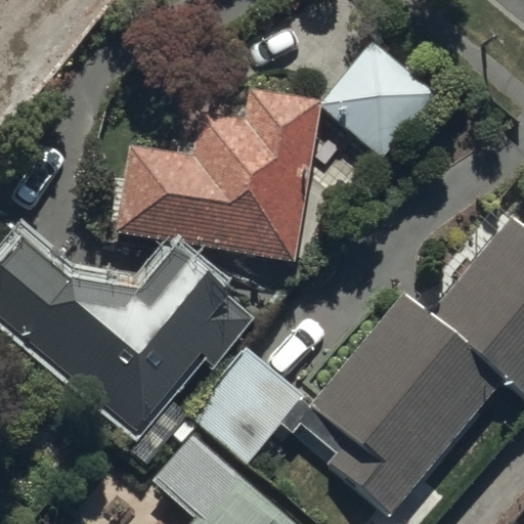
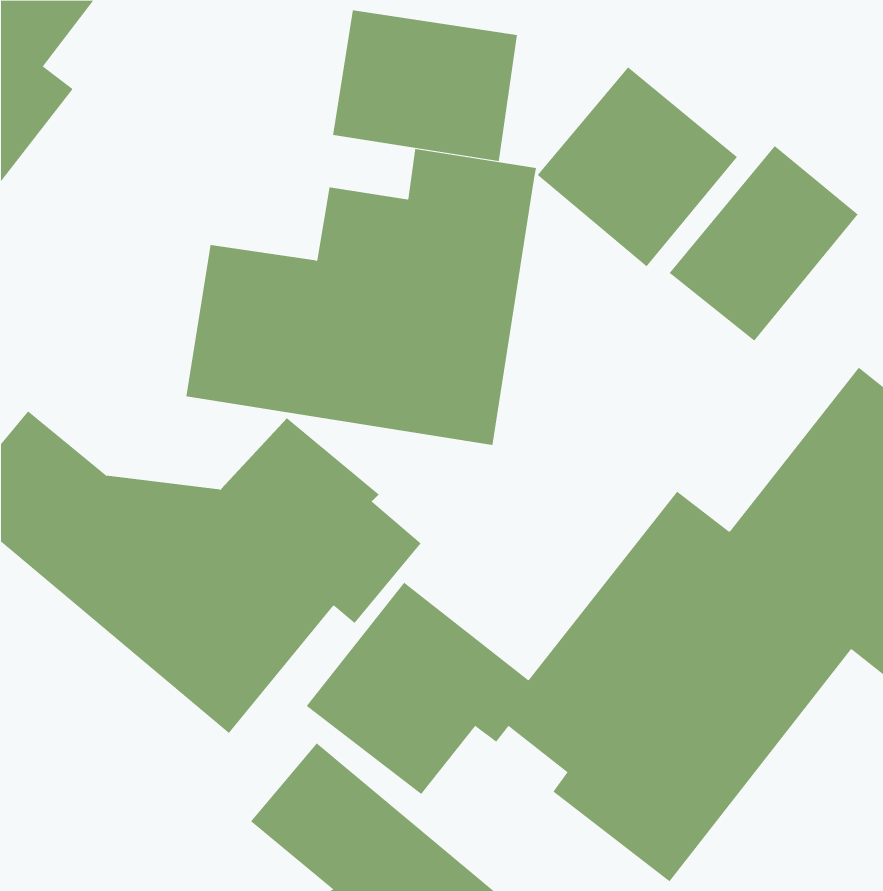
building: none -> [333,10,517,162]
building: none -> [669,145,858,342]

